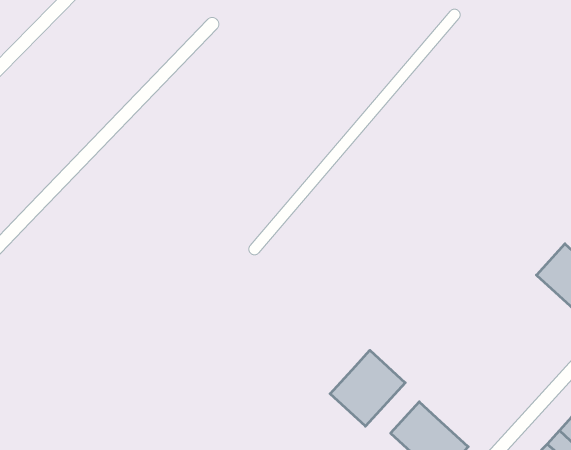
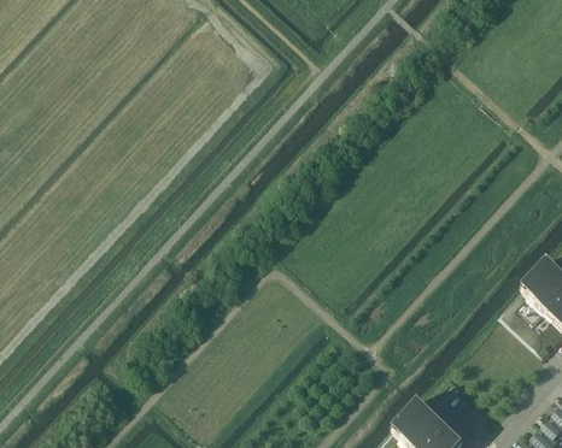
building: [330,350,405,426] -> none

